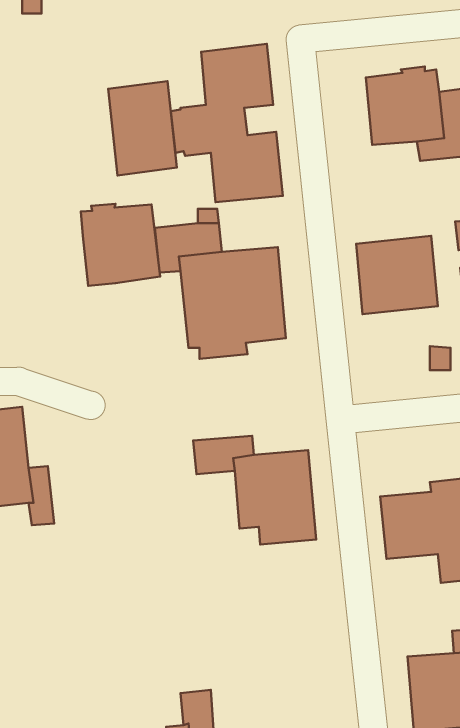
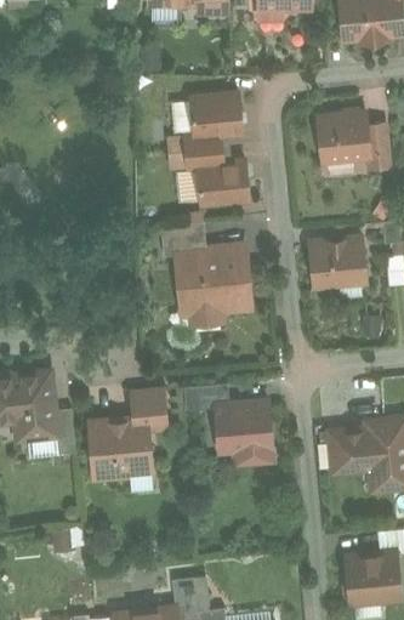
building: [108,81,177,175] -> none
building: [81,204,160,286] -> none
building: none -> [85,388,170,482]

